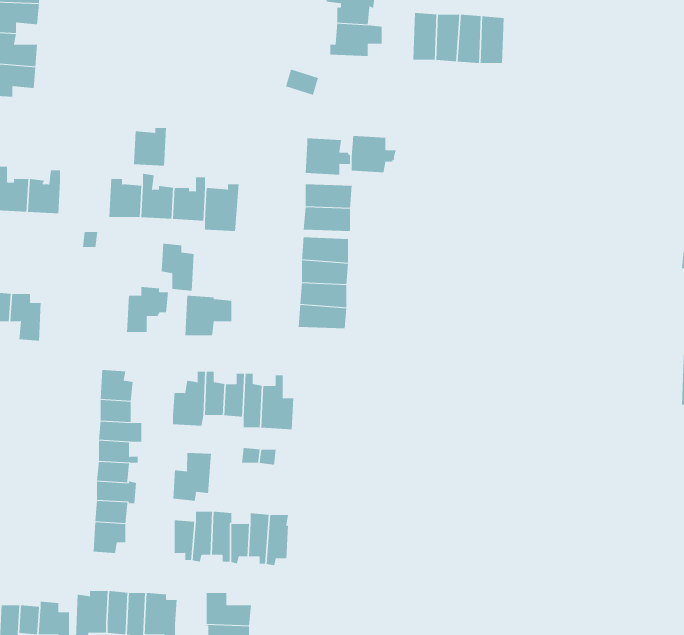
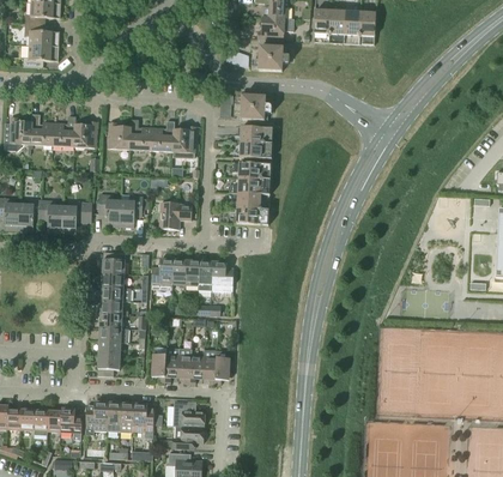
building: [133,127,167,166] -> [73,121,96,147]
building: [351,136,397,173] -> [257,46,289,71]
building: [161,243,194,291] -> [97,194,120,227]
building: none -> [60,201,91,233]
building: [173,452,211,502] -> none

